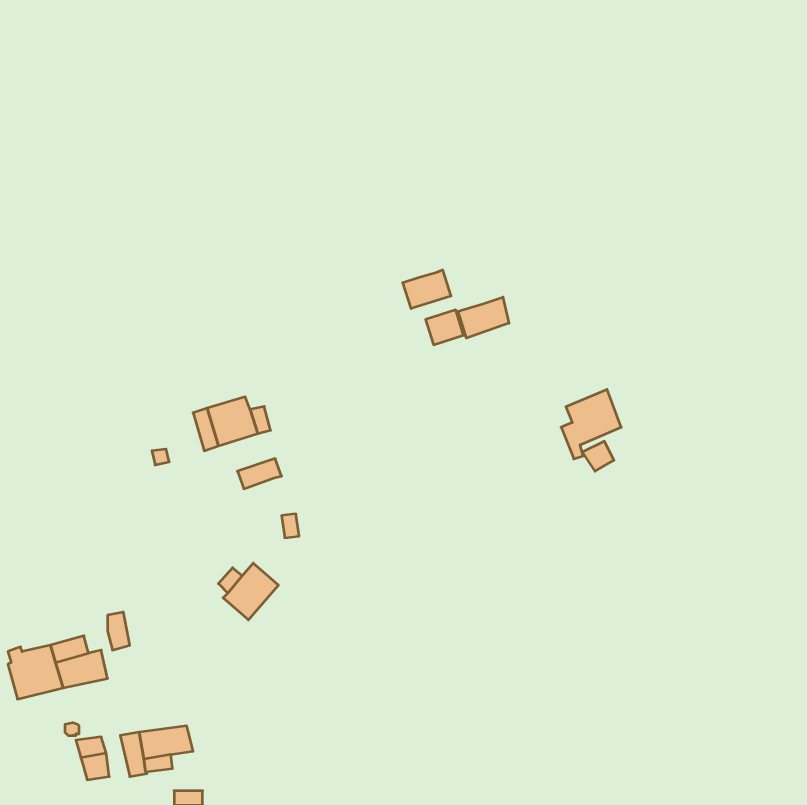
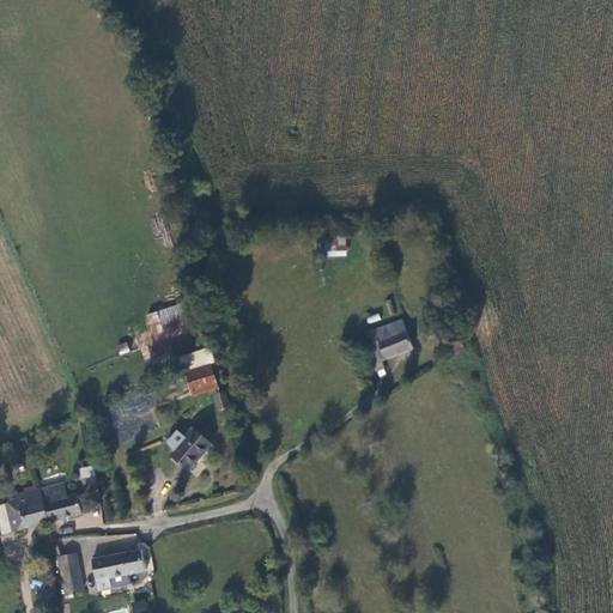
building: [403,270,451,309] -> none
building: [458,297,509,338] -> none
building: [561,389,621,459] -> [366,316,412,369]
building: none -> [184,362,216,389]

